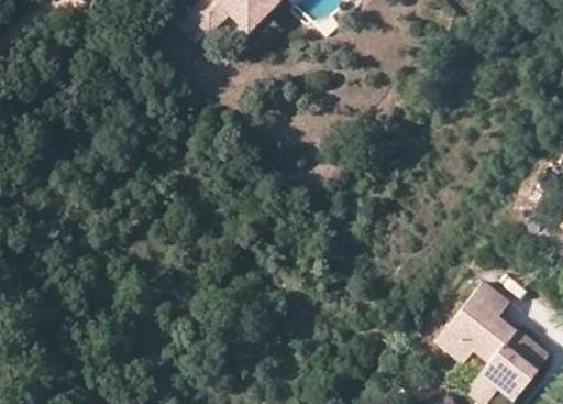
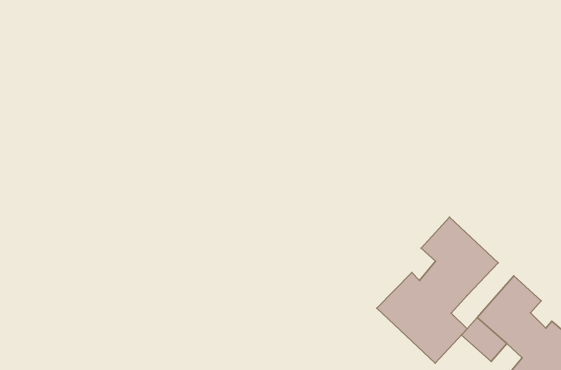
building: none -> [377,217,498,363]

